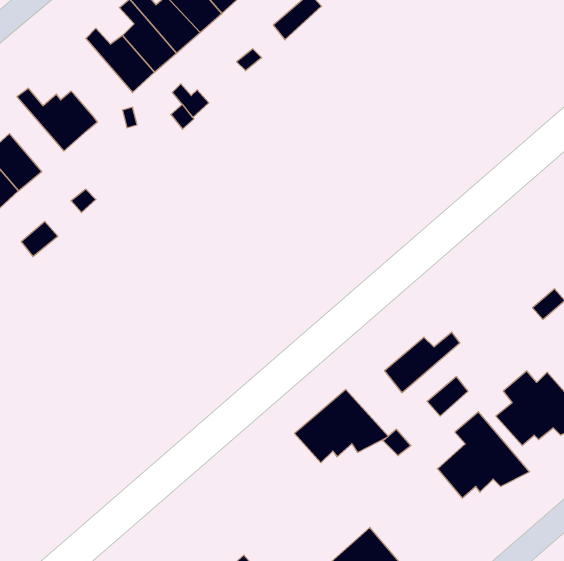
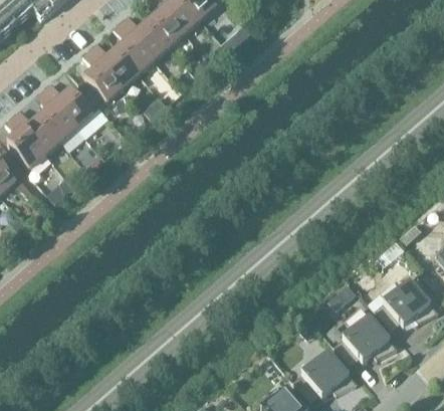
building: none -> [84,49,125,102]
building: none -> [38,89,77,141]
building: [385,332,460,393] -> none
building: [295,390,388,463] -> [292,350,357,400]

